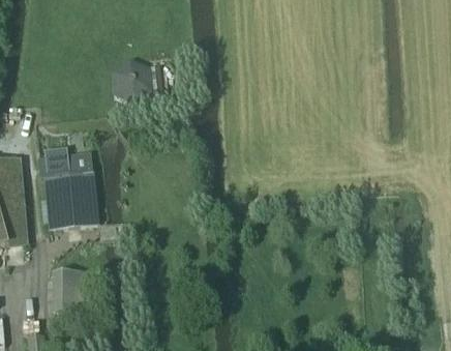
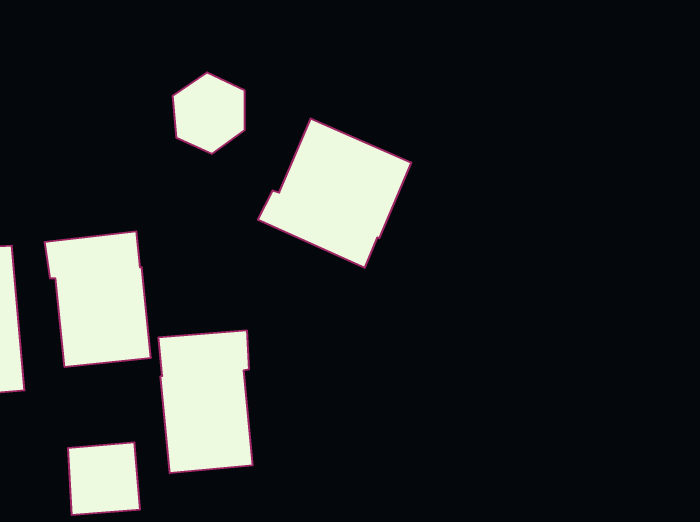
building: none -> [258,118,411,268]
building: none -> [159,330,252,473]

